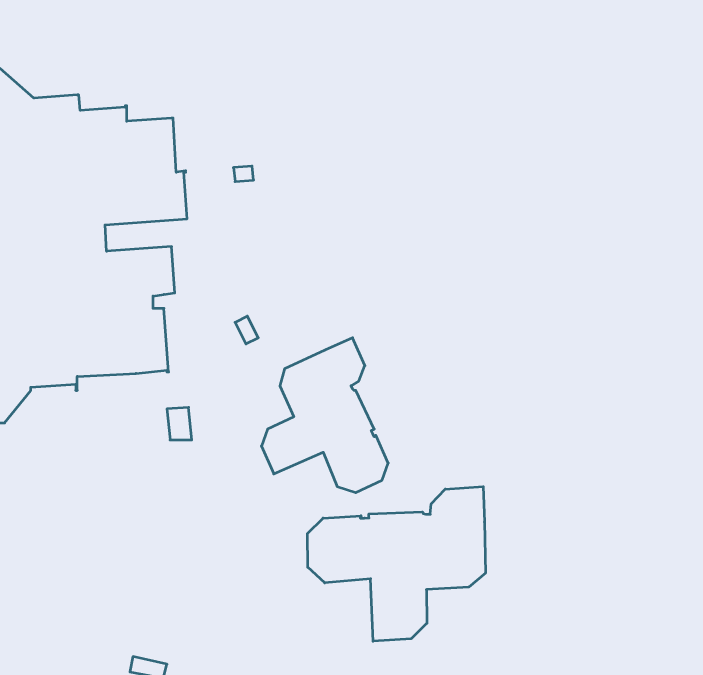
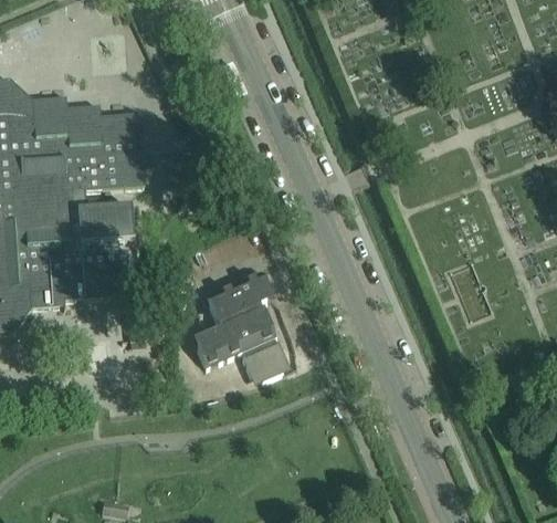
building: [307,487,485,641] -> none

